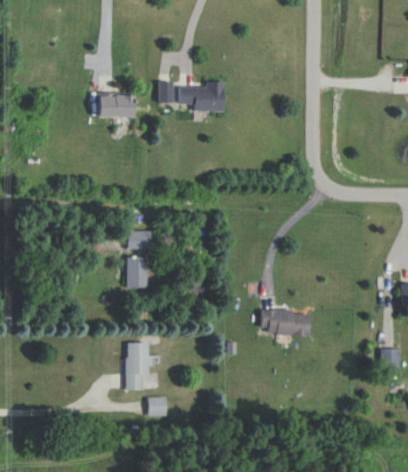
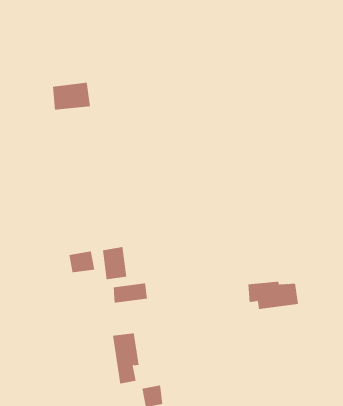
building: [159,81,224,111] -> none
building: [127,230,151,249] -> [68,251,95,273]
building: none -> [113,283,148,304]

